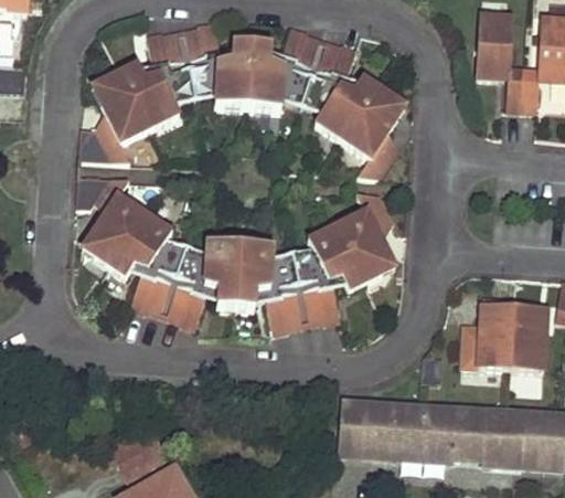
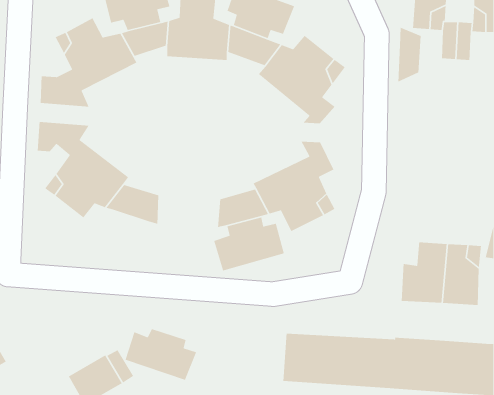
building: none -> [397,26,421,83]
building: [206,241,273,307] -> none
building: [129,268,206,325] -> [124,328,197,381]

